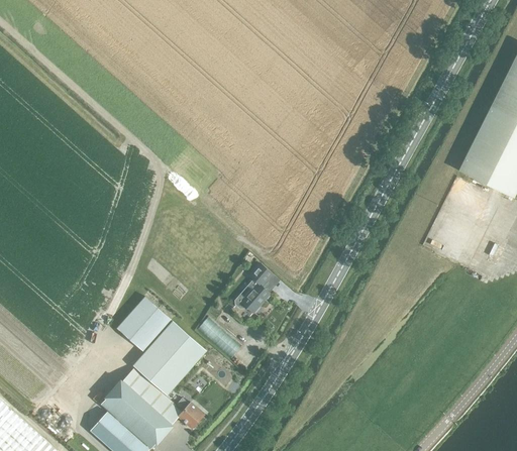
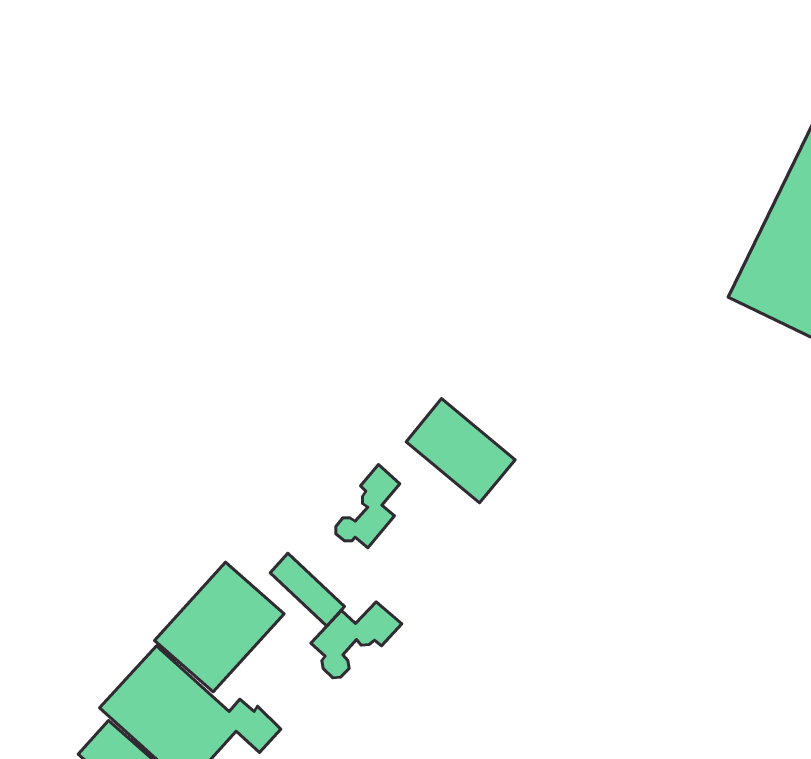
building: none -> [406,399,515,503]
building: [117,297,172,351] -> none
building: none -> [311,602,402,678]

